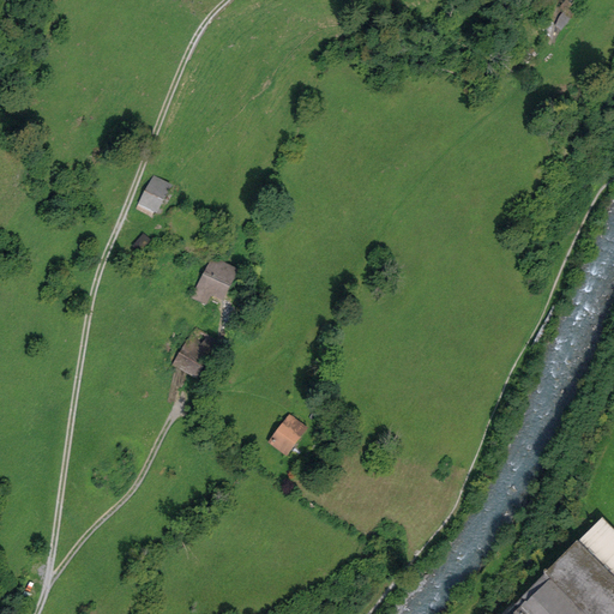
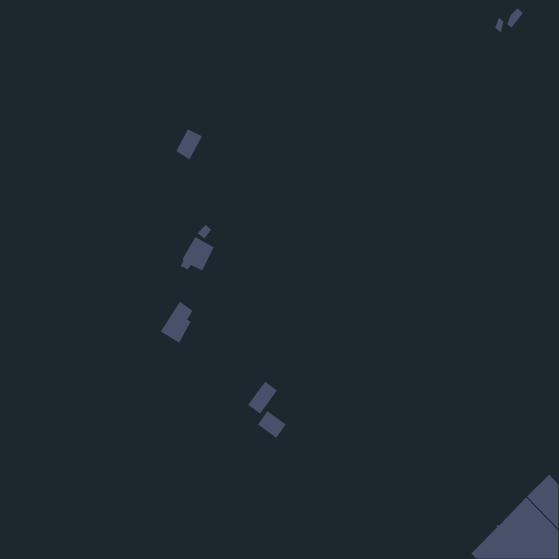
building: [140,177,170,212] -> [176,128,203,160]
building: none -> [257,410,287,439]

